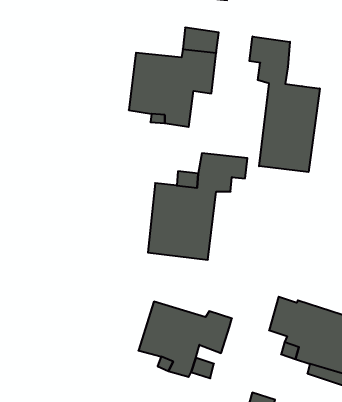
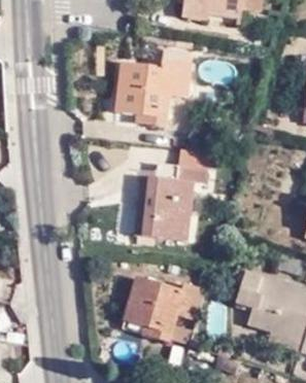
building: [249,36,320,172] -> none

